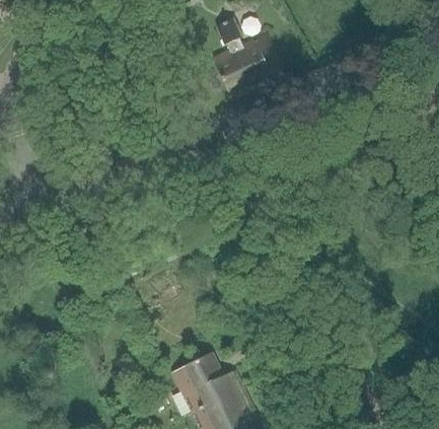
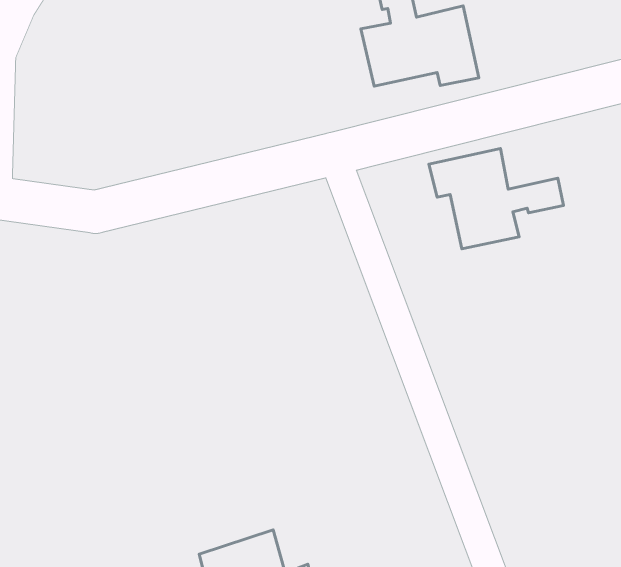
building: none -> [429,148,564,249]

